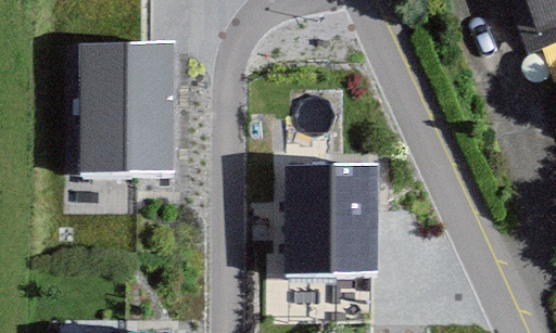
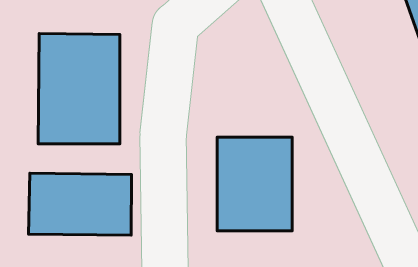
building: none -> [29,173,131,235]

